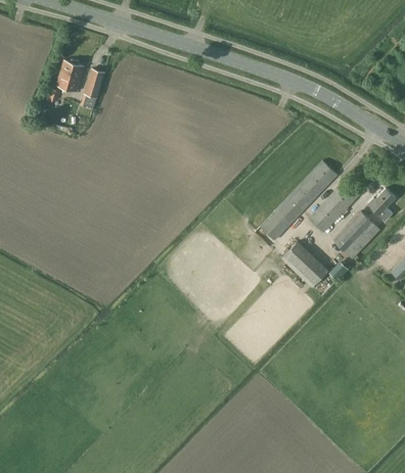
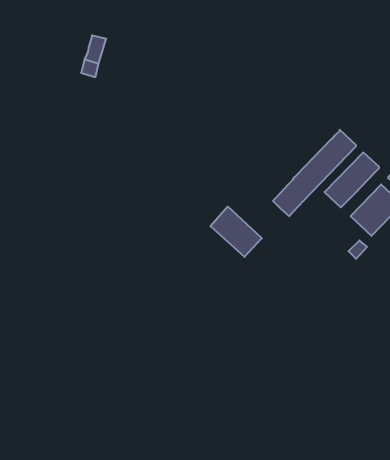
building: [55,60,85,91] -> none
building: [281,240,329,287] -> [210,207,262,257]

